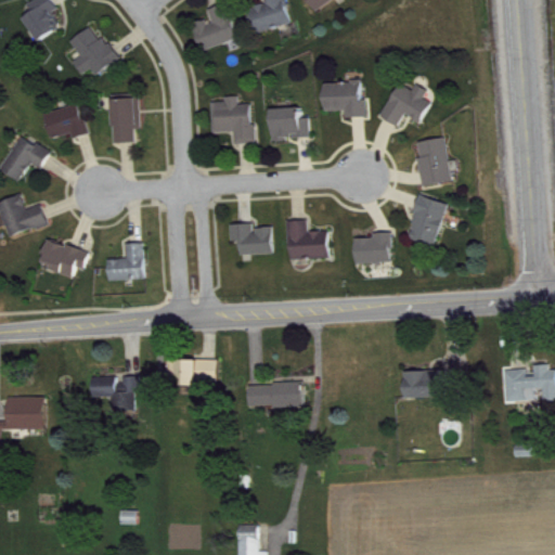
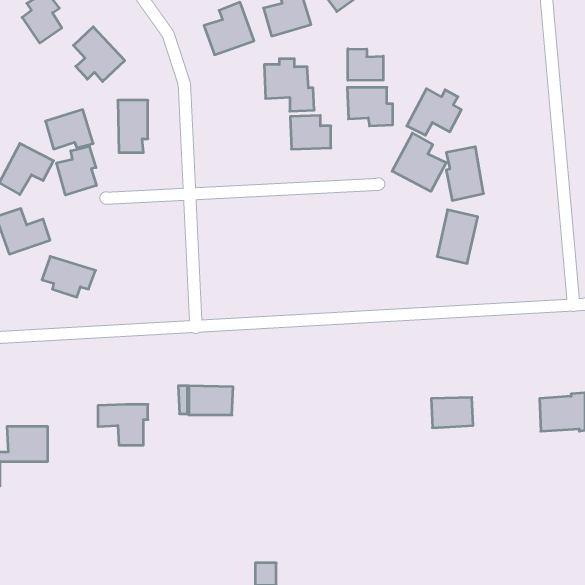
building: none -> [348,49,383,80]
building: [208,95,255,144] -> [264,59,314,111]
building: none -> [392,133,446,191]
building: none -> [57,146,96,195]
building: [285,219,326,259] -> none
building: [229,222,271,255] -> none
building: [353,232,389,263] -> none
building: [106,243,143,280] -> none
building: [247,383,302,406] -> none

